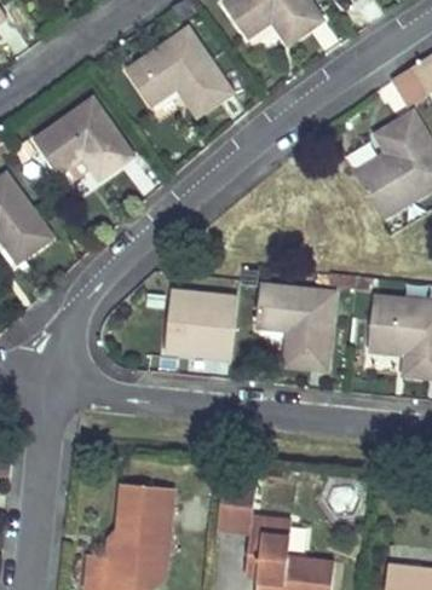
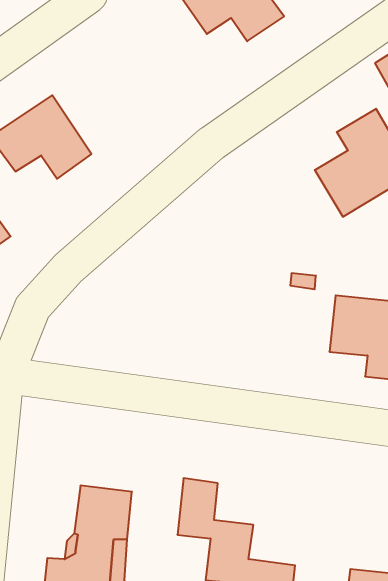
building: [126,28,231,116] -> none
building: [255,284,334,369] -> none
building: [165,289,237,358] -> none

